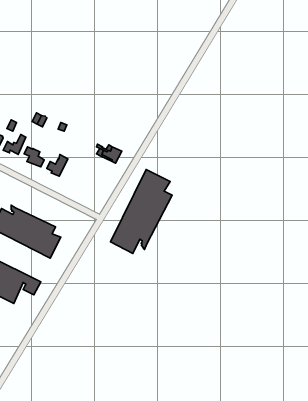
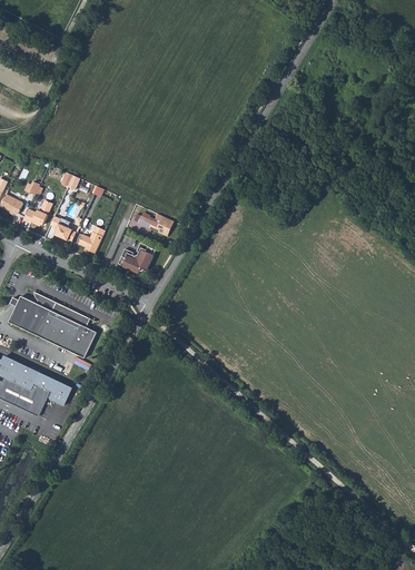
building: none -> [117,242,154,272]
building: [111,169,172,253] -> none

